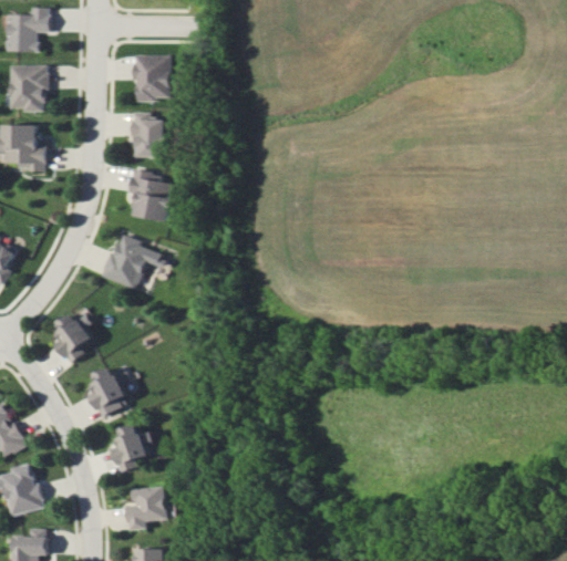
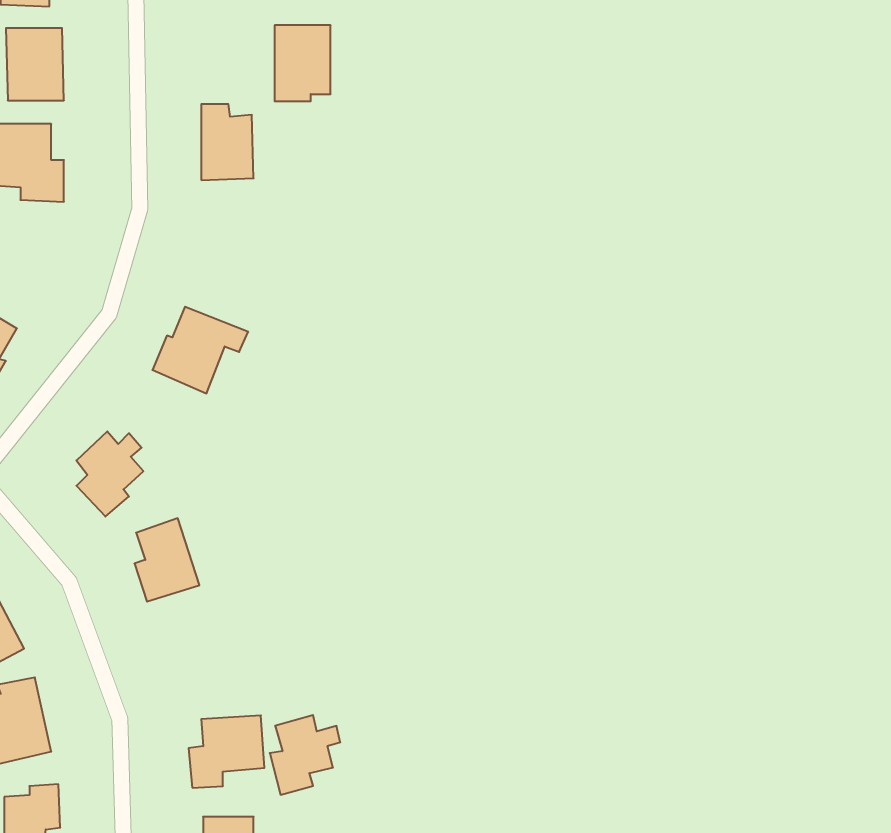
building: [133,55,167,102] -> [275,25,331,101]
building: [130,169,173,220] -> none
building: [113,424,156,472] -> [270,715,340,795]

